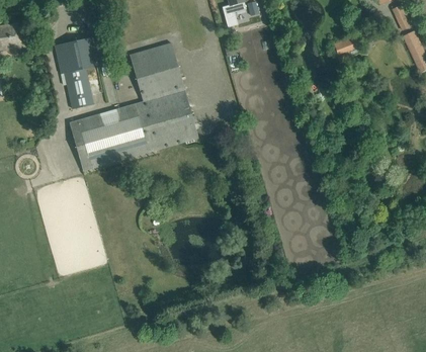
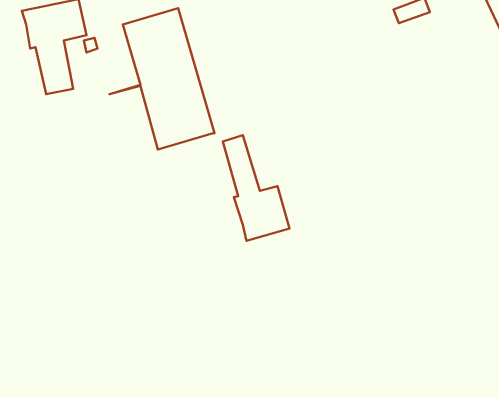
building: [69,101,198,170] -> none
building: none -> [223,135,289,241]

